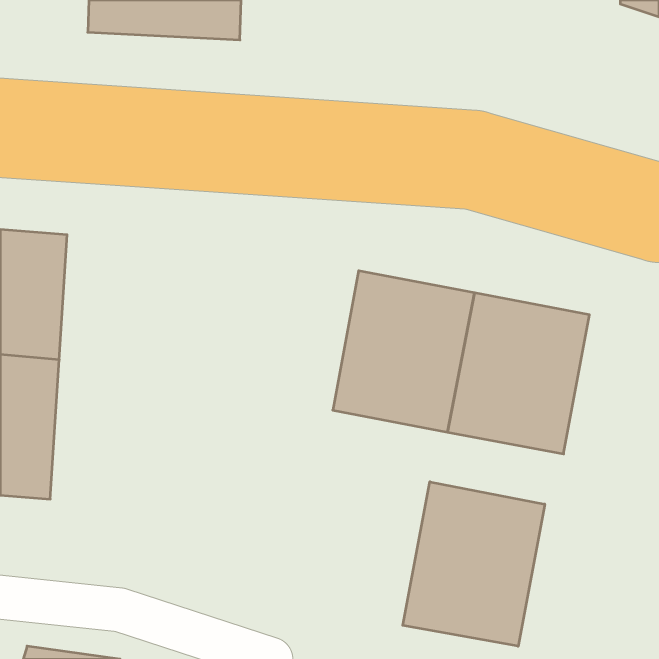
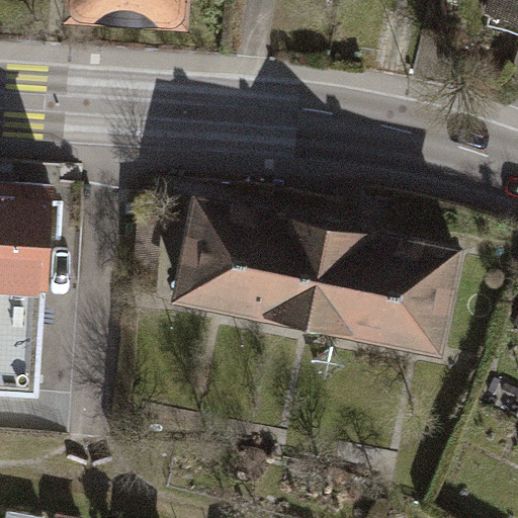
building: none -> [170,195,281,322]
building: [403,482,545,646] -> none

